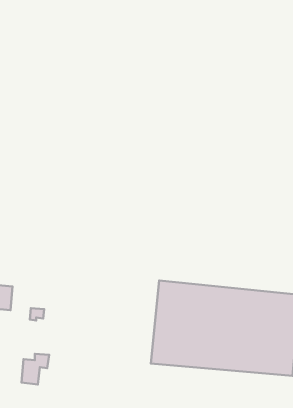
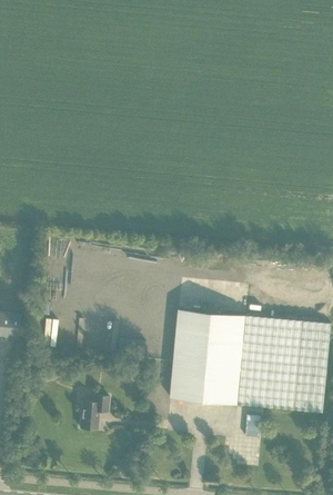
building: [21,354,49,385] -> [79,397,109,430]

